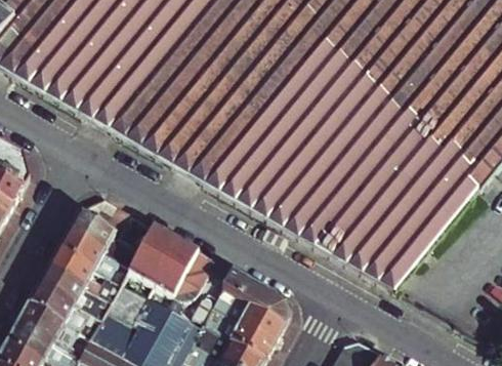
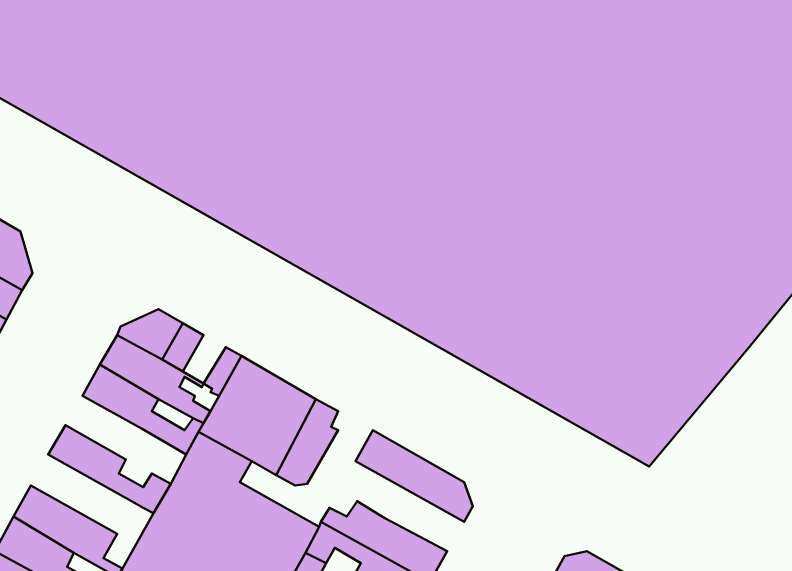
building: [49,249,121,301] -> none
building: [29,284,101,337] -> none
building: [211,288,286,341] -> none

